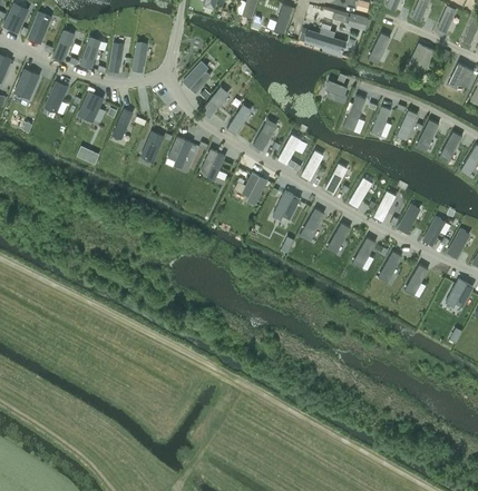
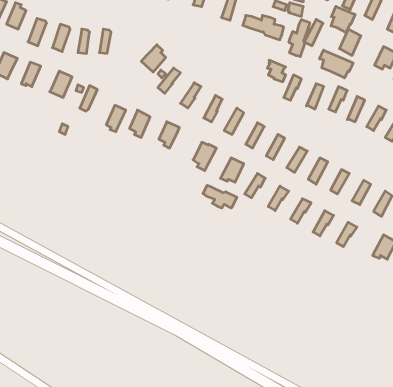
building: none -> [331,6,355,32]
building: none -> [289,20,310,57]
building: none -> [320,50,353,78]
building: none -> [203,185,237,208]

